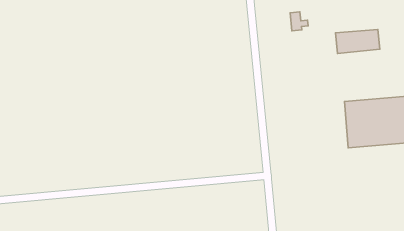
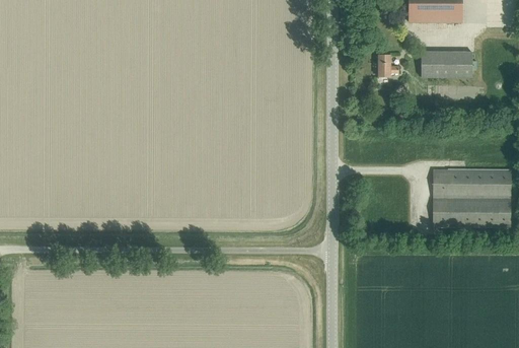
building: [336,29,380,53] -> [421,51,472,76]

